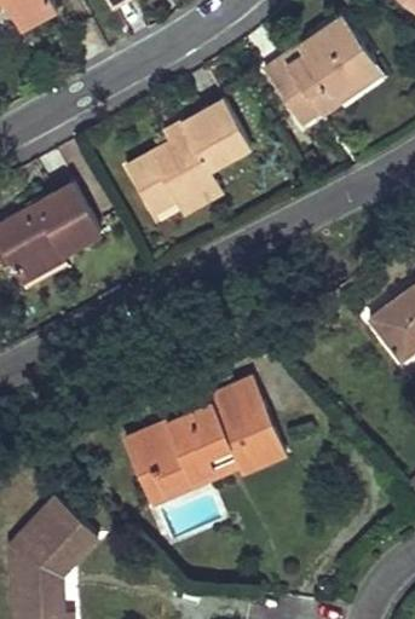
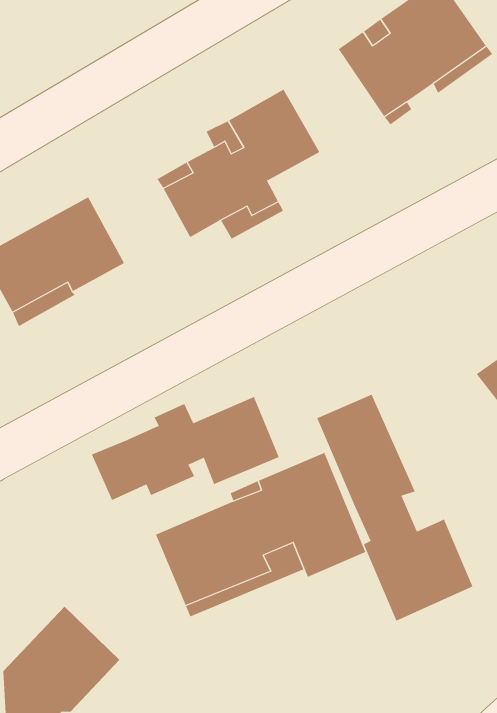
building: none -> [316,394,473,622]
building: none -> [91,396,280,501]

